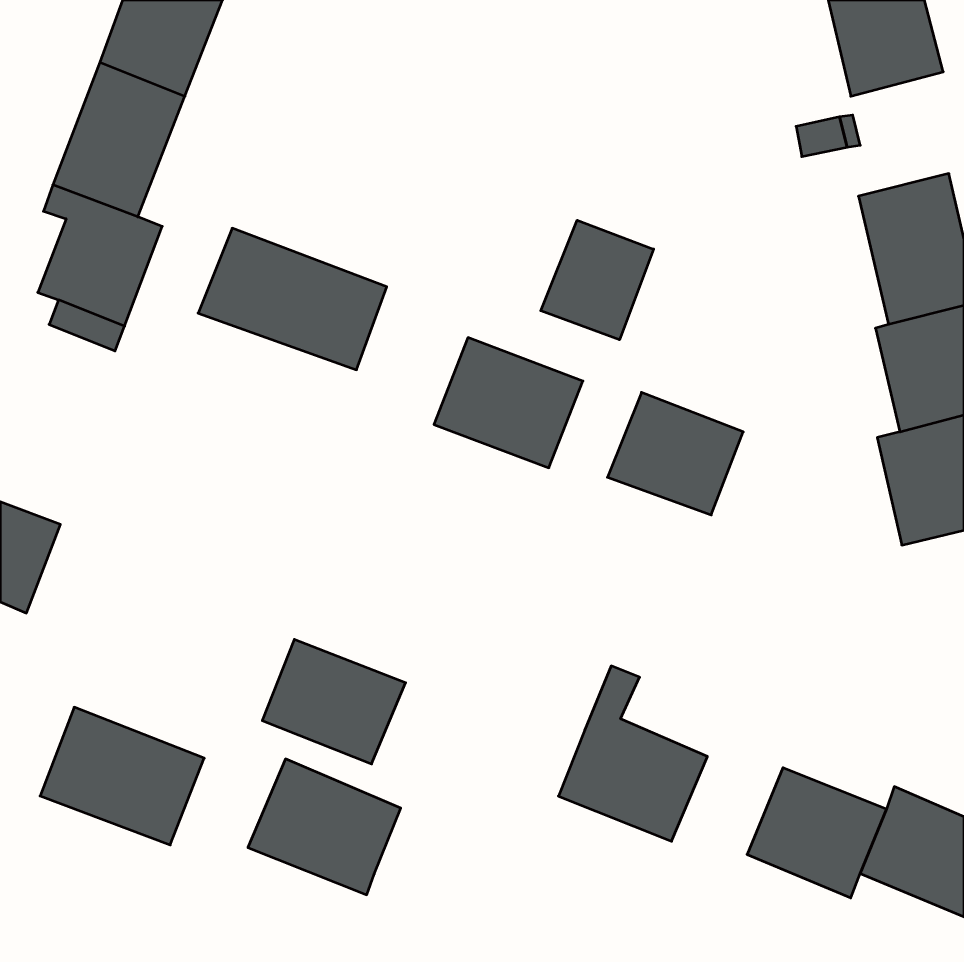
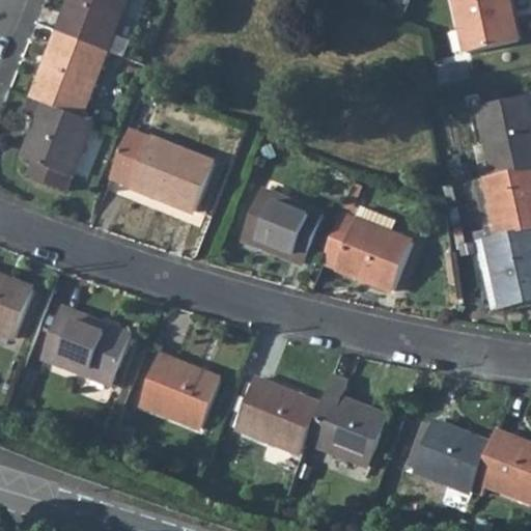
building: [541,220,654,340] -> none
building: [40,707,204,845] -> [43,306,133,382]
building: [248,759,401,895] -> [237,375,322,450]

